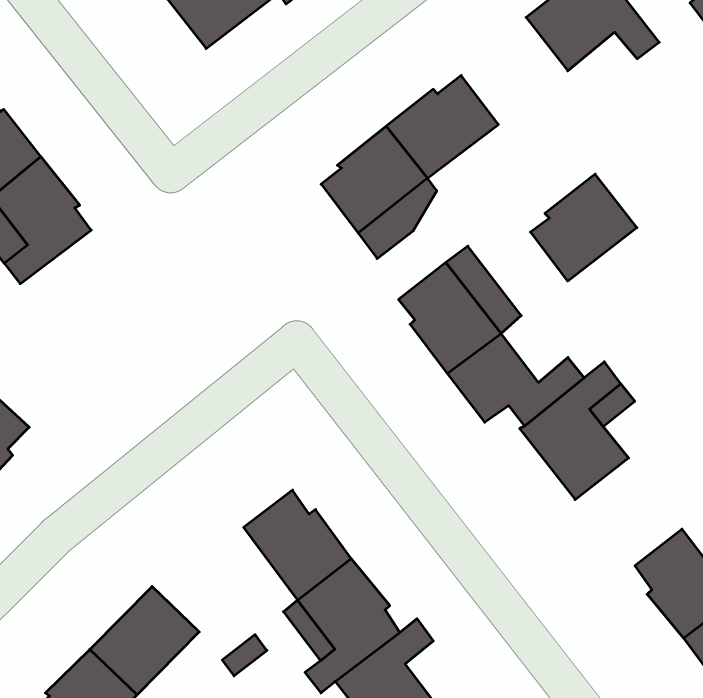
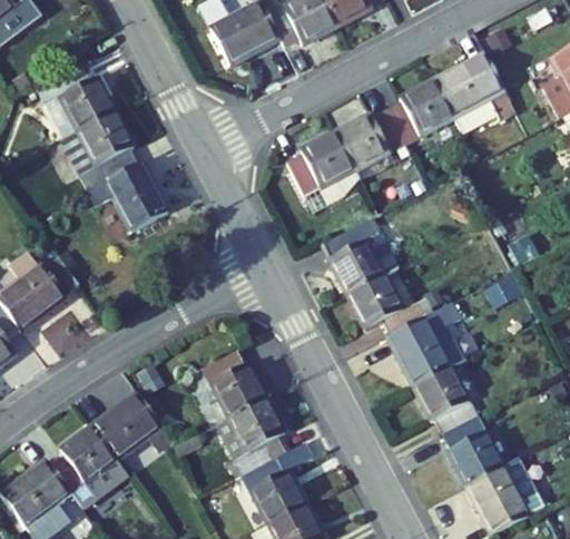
building: [530,174,637,281] -> [389,80,455,144]
building: none -> [91,163,170,229]
building: none -> [413,365,476,433]

